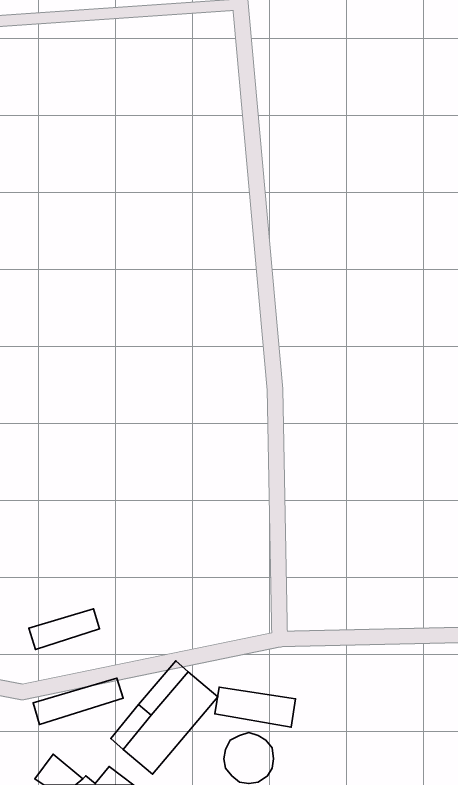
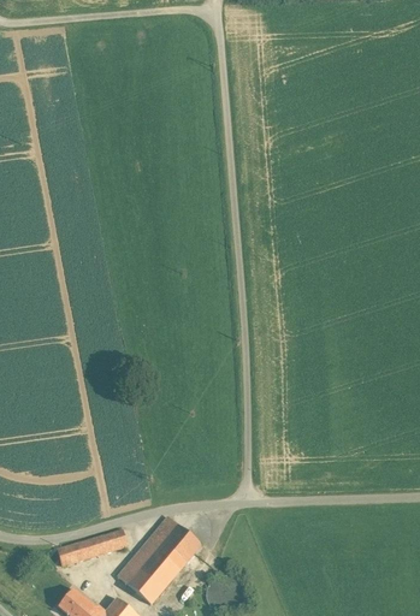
building: [29,609,100,649] -> none
building: [215,687,296,727] -> none

